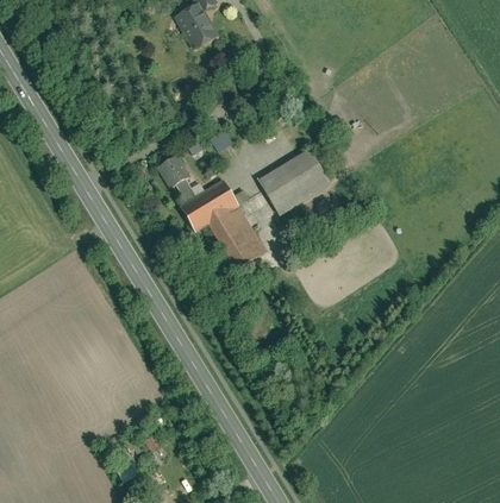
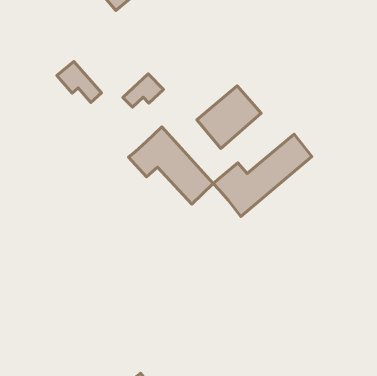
building: [158,155,202,201] -> [57,61,102,102]
building: none -> [213,134,312,216]

